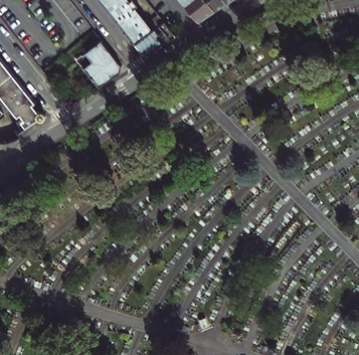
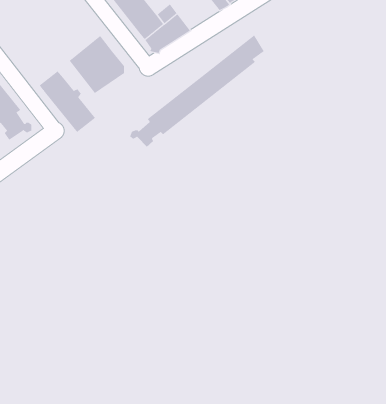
building: none -> [129,34,265,148]
building: none -> [39,70,96,133]

